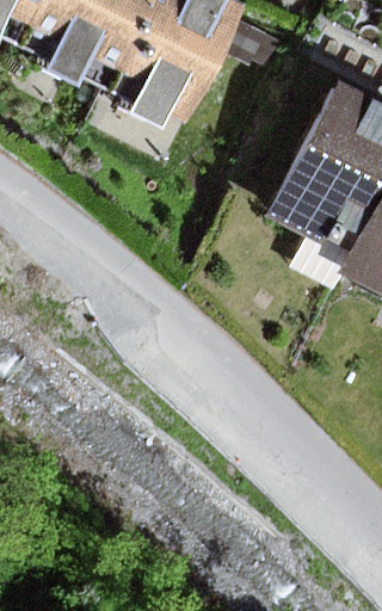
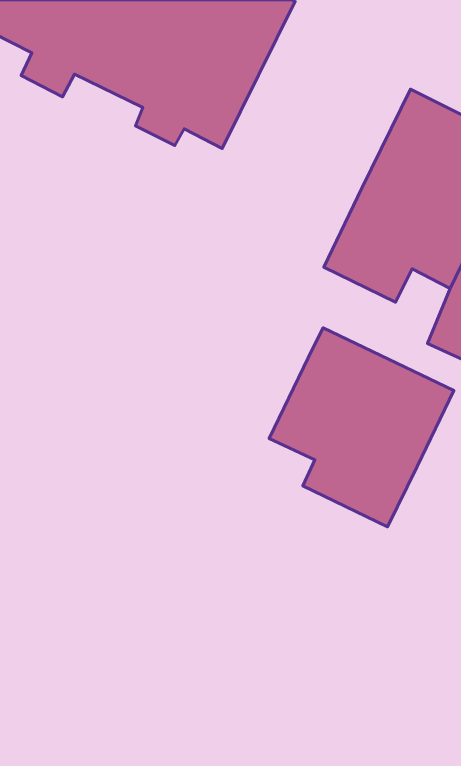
building: none -> [269,328,454,527]

